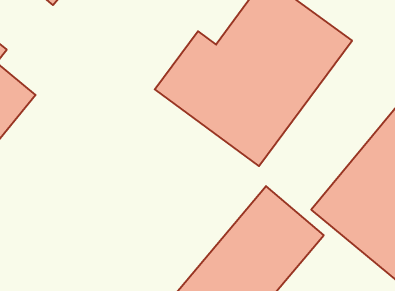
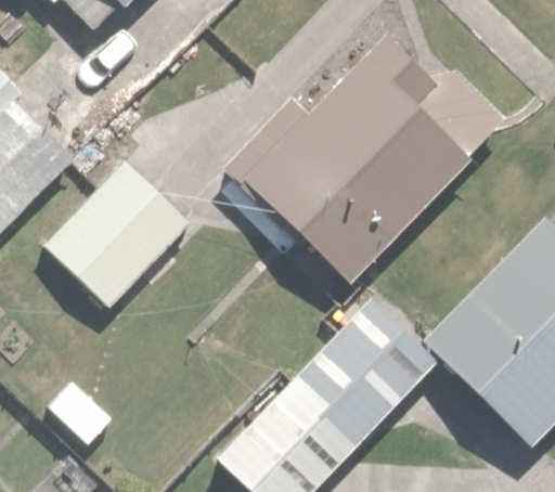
building: none -> [41,159,193,311]

